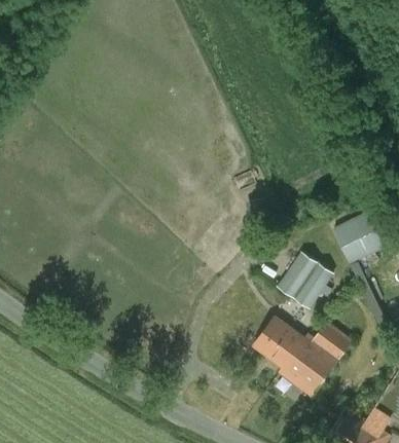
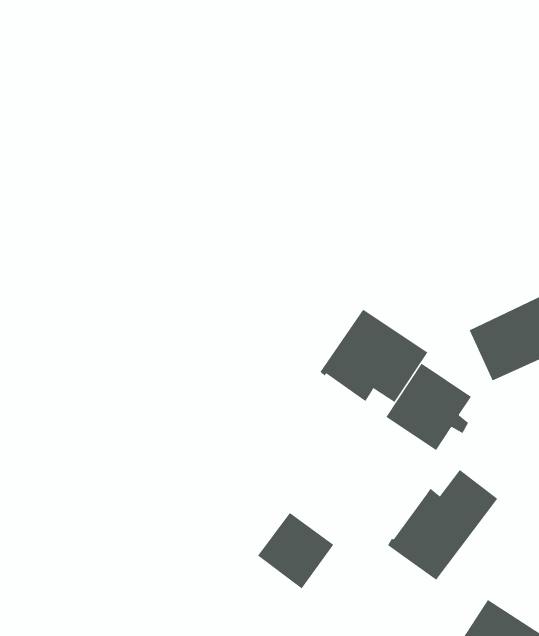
building: none -> [320,309,428,403]
building: [253,316,304,367] -> [257,512,334,590]

